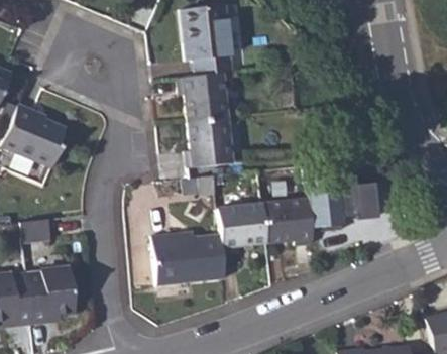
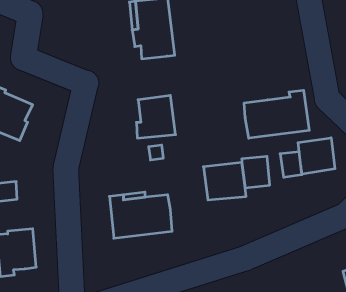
building: [179,72,227,122] -> none
building: none -> [244,90,309,138]
building: none -> [298,138,335,174]
building: [221,200,270,249] -> none

